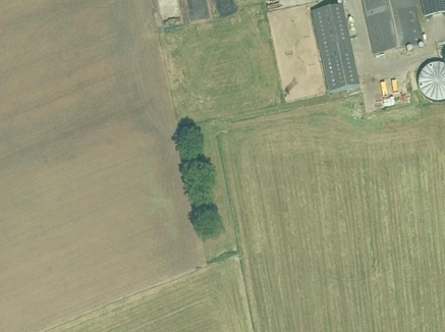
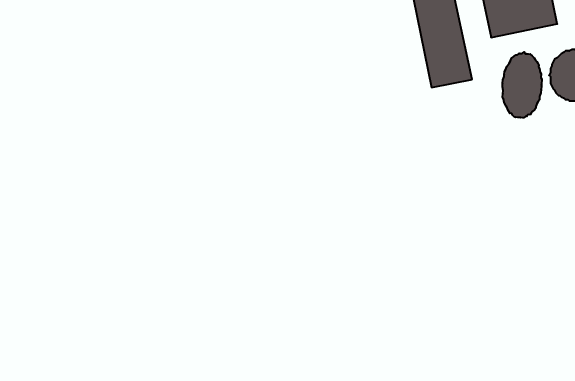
building: none -> [502,52,542,118]

